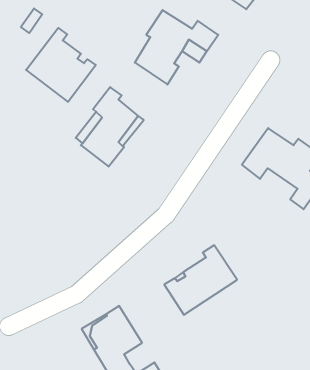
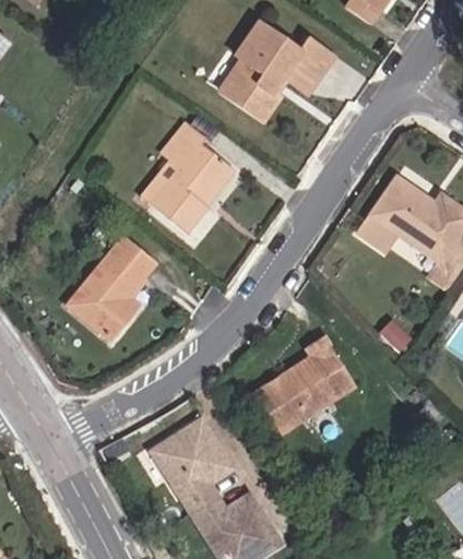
building: [26,28,96,102] -> none
building: none -> [69,238,154,337]

